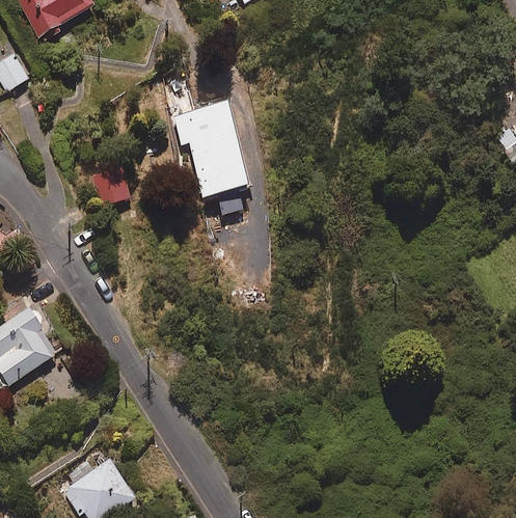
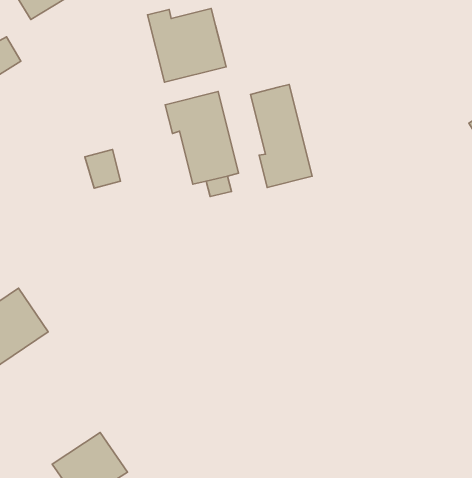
building: none -> [148,9,226,82]
building: none -> [251,85,312,187]

